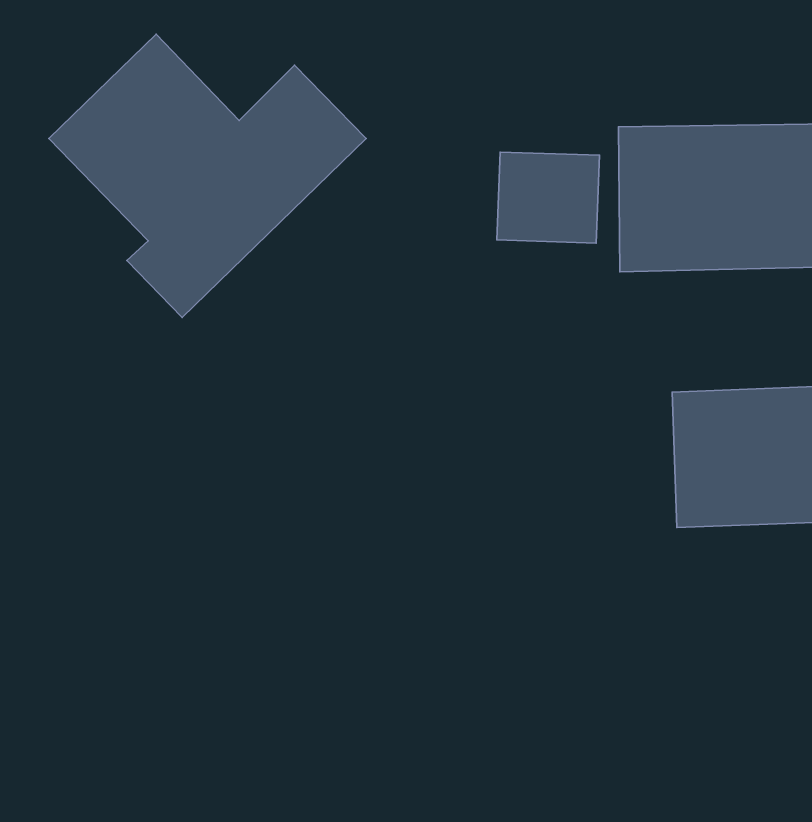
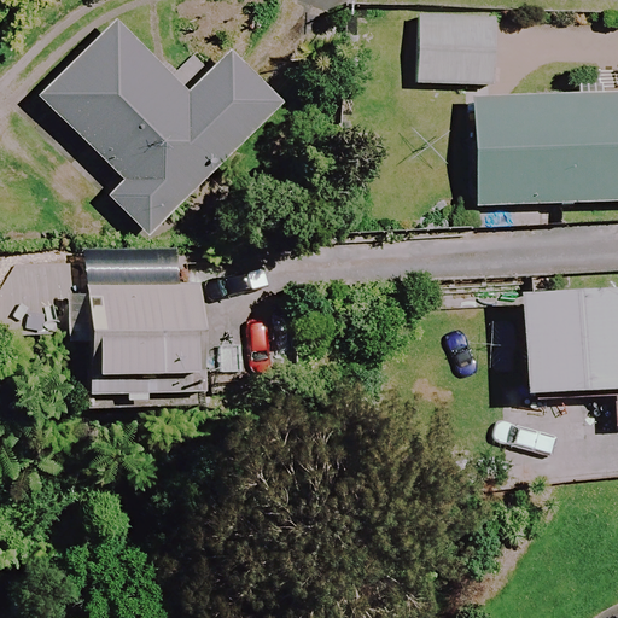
building: [497,152,599,243] -> [420,14,496,82]
building: none -> [75,285,200,377]

